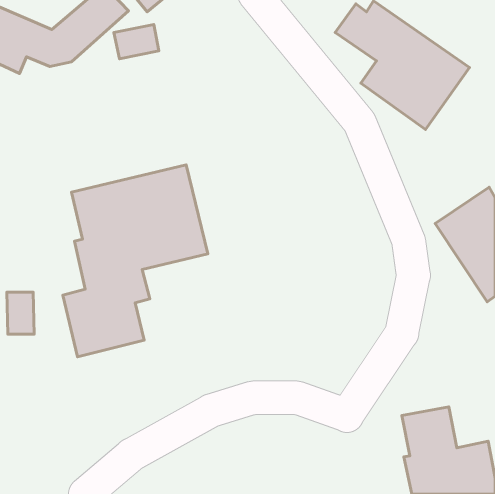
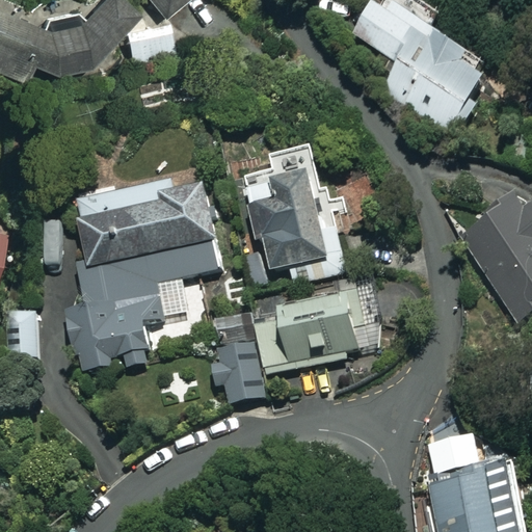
building: none -> [243,143,348,280]
building: none -> [257,276,383,369]
building: none -> [212,312,265,404]

